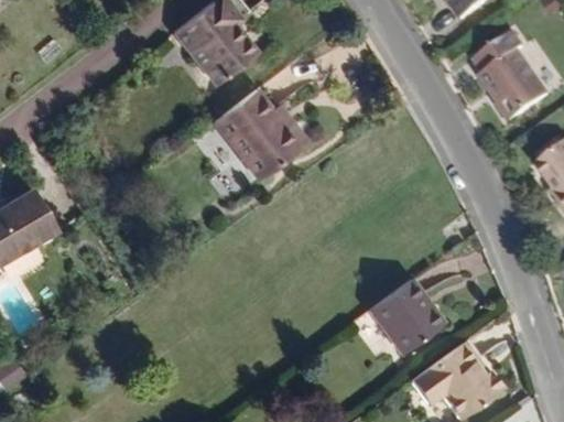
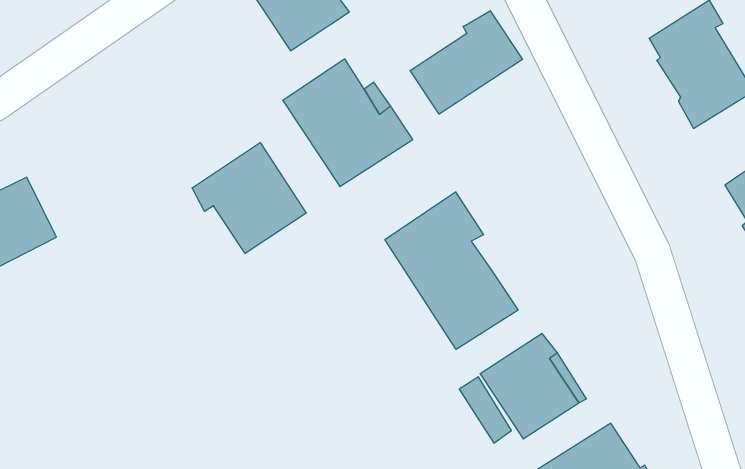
building: none -> [410,11,523,114]
building: none -> [192,143,306,254]
building: none -> [385,192,518,349]

